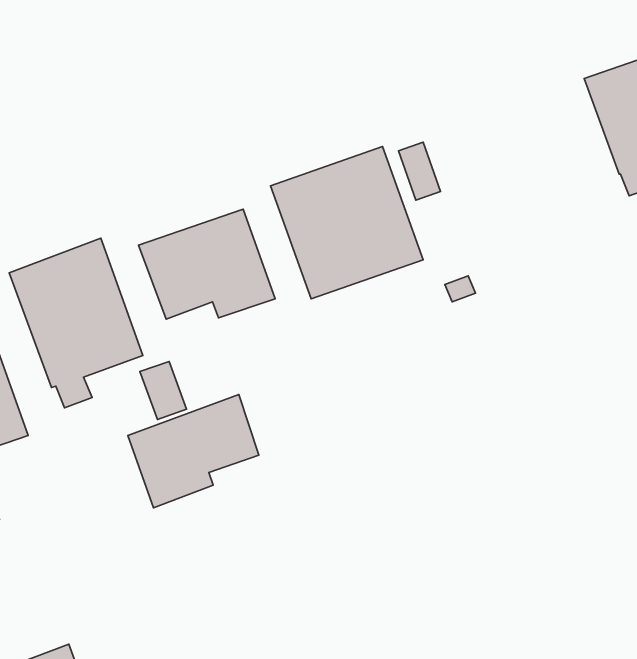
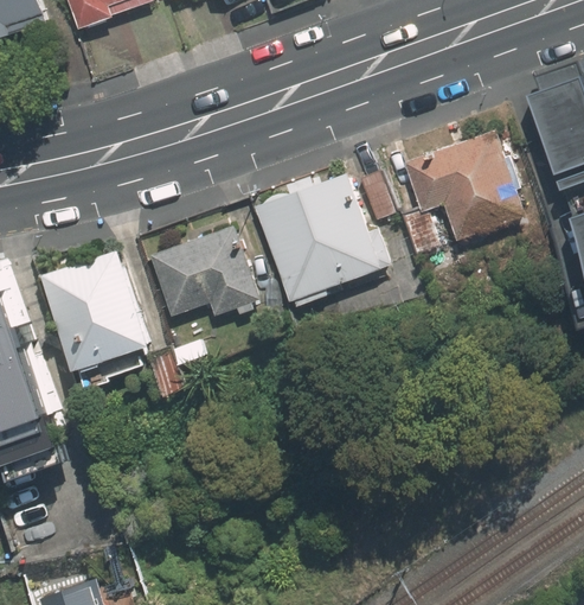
building: none -> [402,129,525,250]
building: [128,395,259,508] -> none

